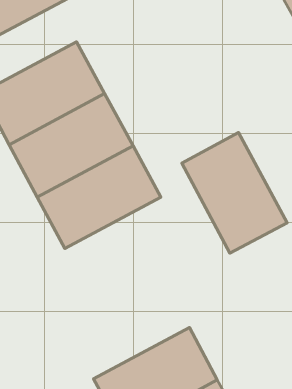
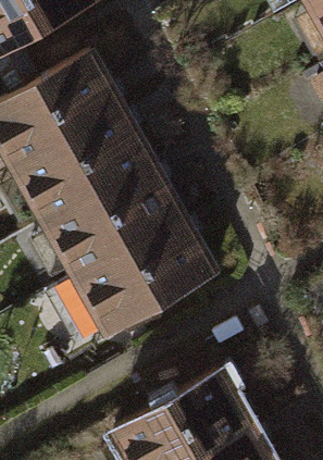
building: [182,132,287,253] -> none
building: none -> [72,228,208,341]

